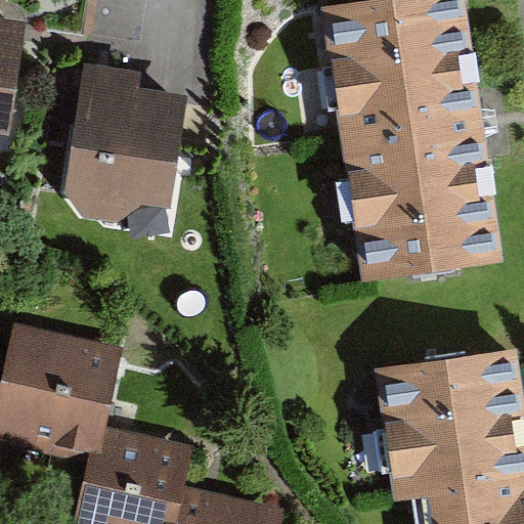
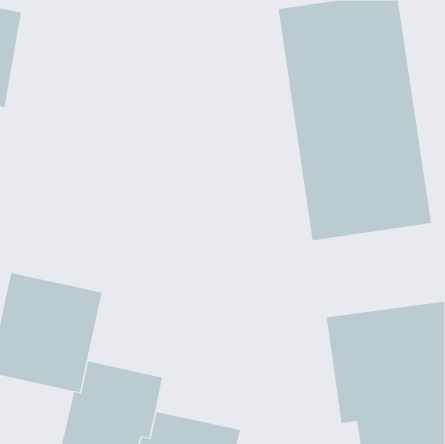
building: [62,60,185,221] -> none

